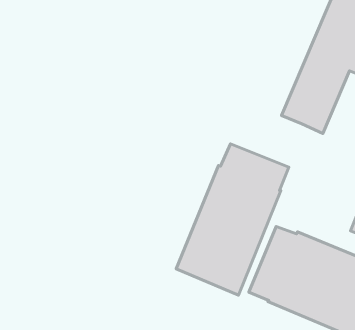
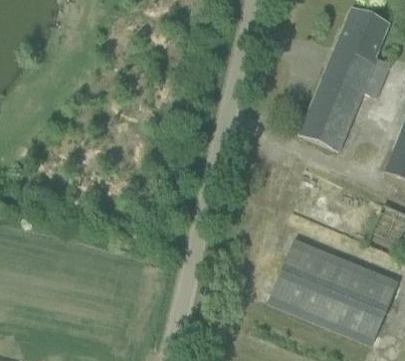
building: [176,144,289,295] -> none

